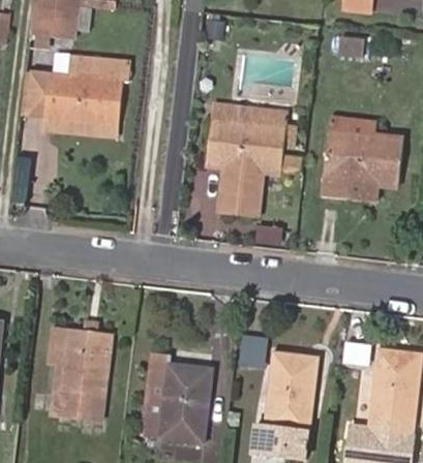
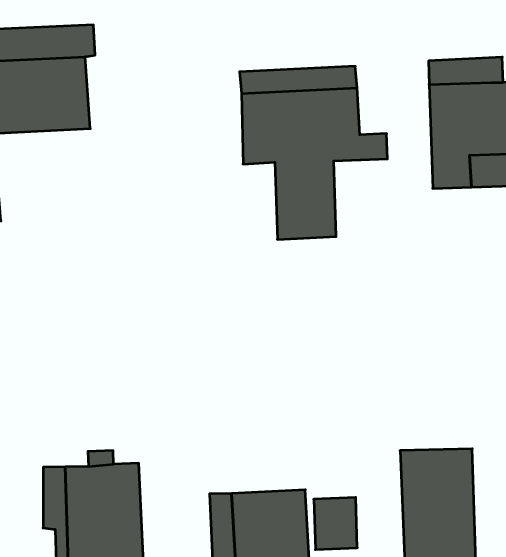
building: [240,334,270,368] -> [314,497,357,550]

